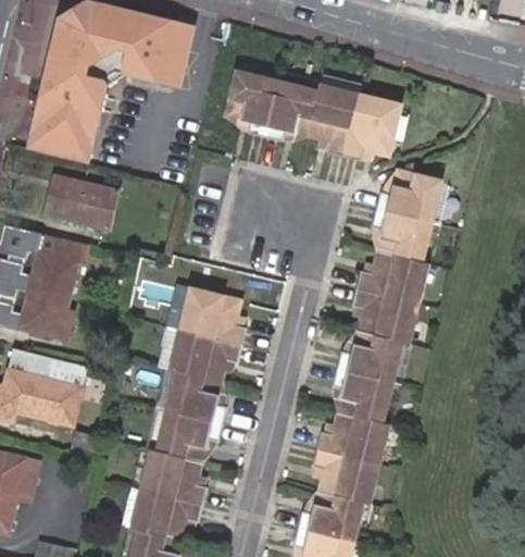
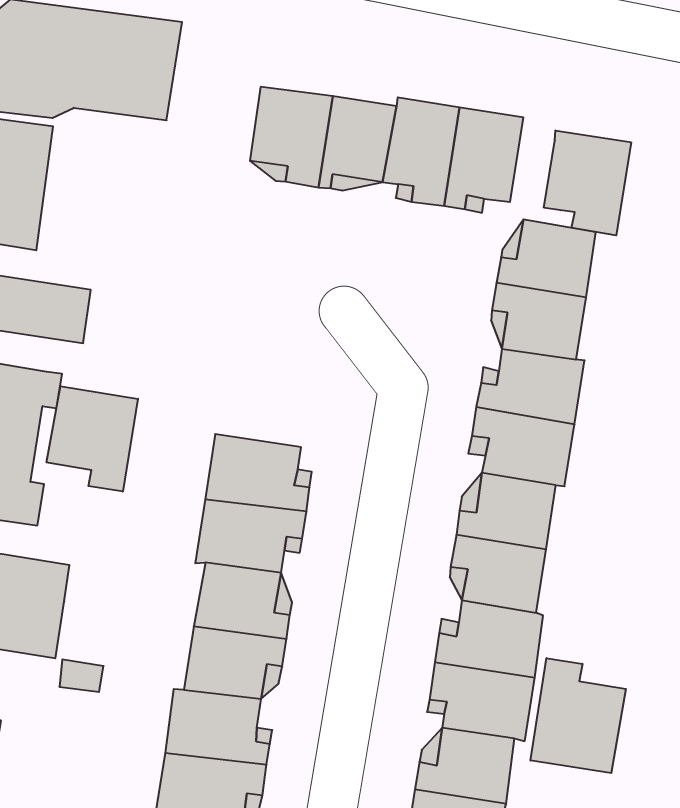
building: none -> [544,130,631,235]
building: none -> [47,386,138,492]
building: none -> [531,658,626,773]

